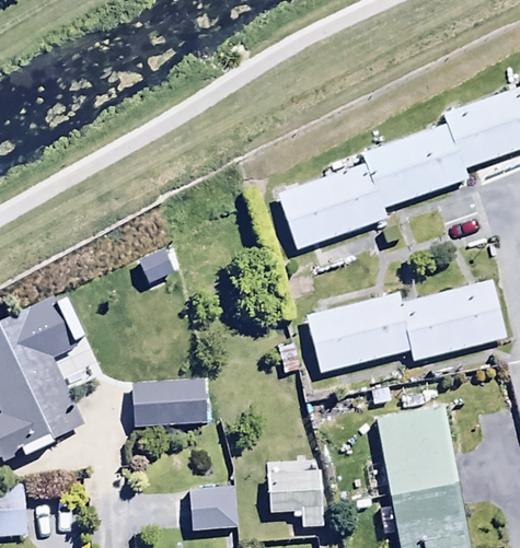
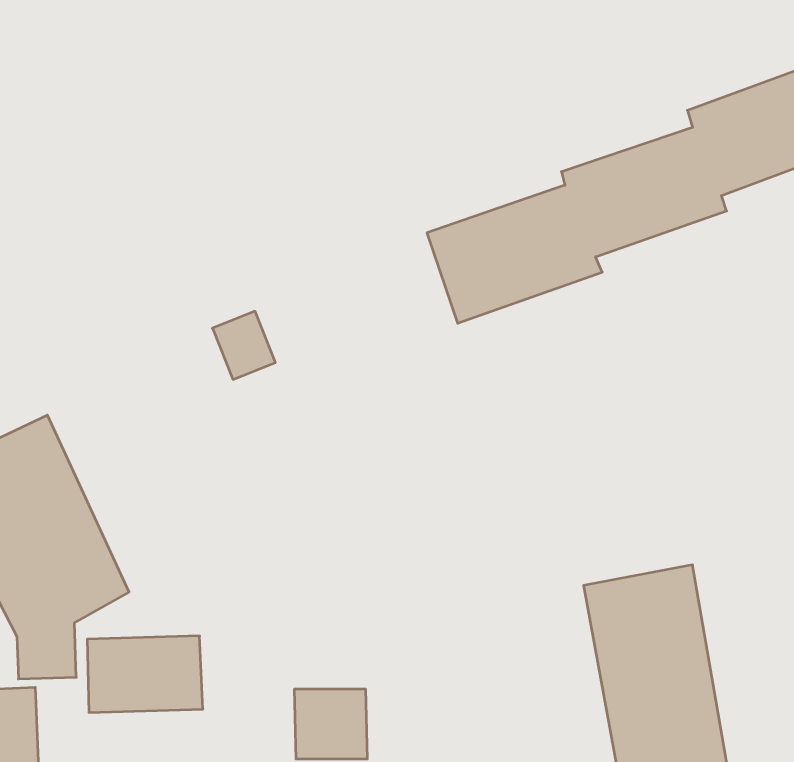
building: [305,280,507,374] -> none
building: [131,377,206,427] -> [87,636,203,712]
building: [266,438,323,525] -> none

